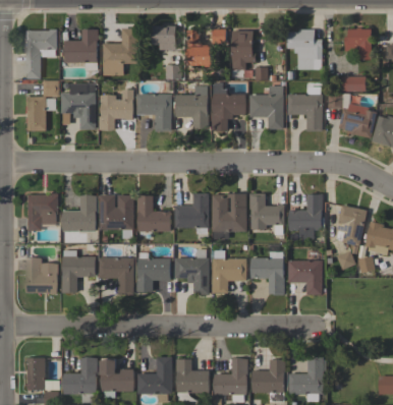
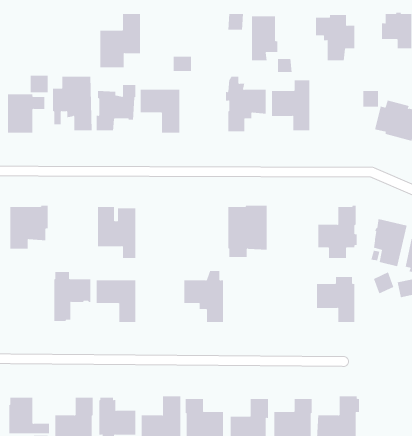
building: [152,25,175,50] -> none
building: [23,28,57,80] -> none
building: [64,30,98,70] -> none
building: [186,30,212,67] -> none
building: [337,76,366,92] -> none
building: [173,85,209,128] -> none
building: [287,94,322,131] -> none
building: [174,193,209,234] -> none
building: [249,193,284,234] -> none
building: [63,195,96,233] -> none
building: [136,195,170,231] -> none
building: [212,250,246,293] -> none
building: [250,251,284,294] -> none
building: [136,252,170,292] -> none
building: [24,258,58,294] -> none

